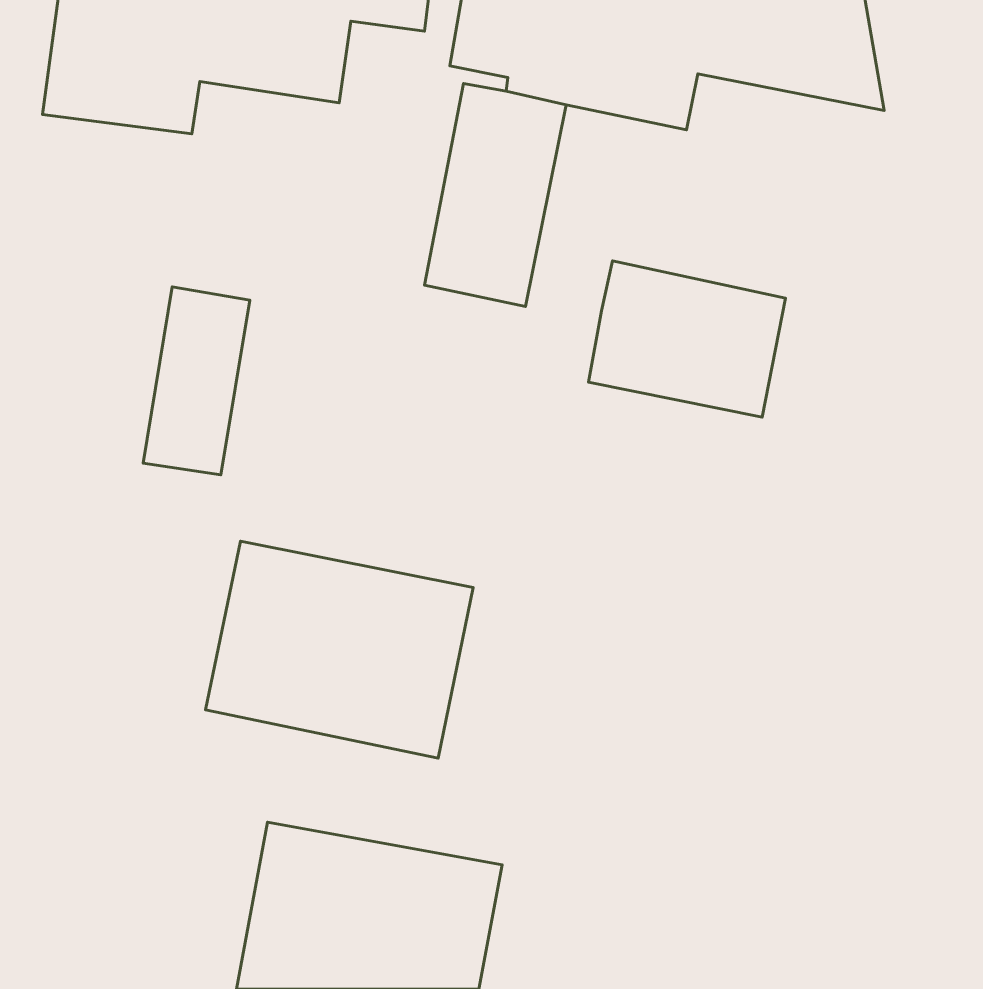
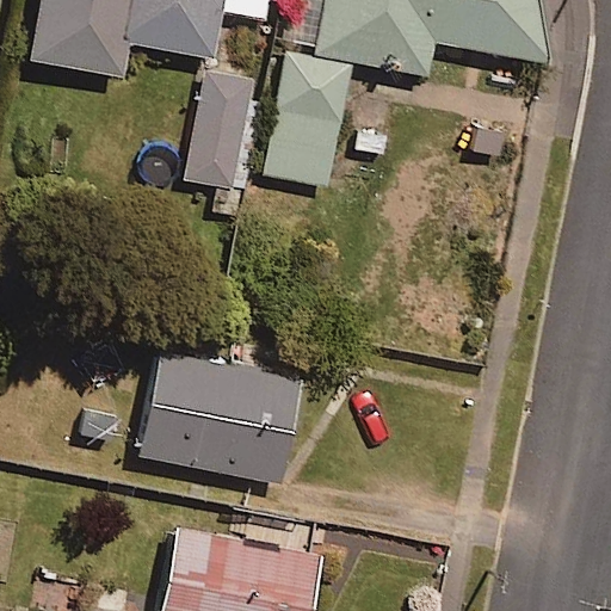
building: [588,261,785,417] -> none
building: [143,287,250,475] -> [186,75,252,191]

